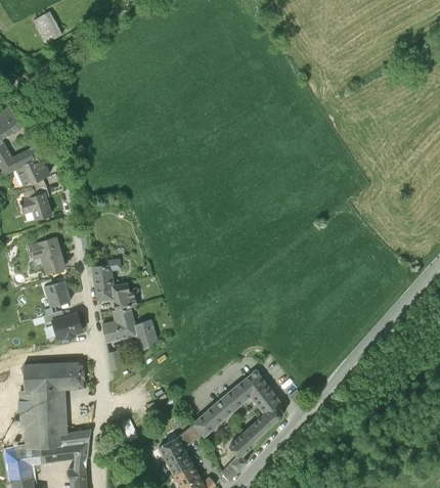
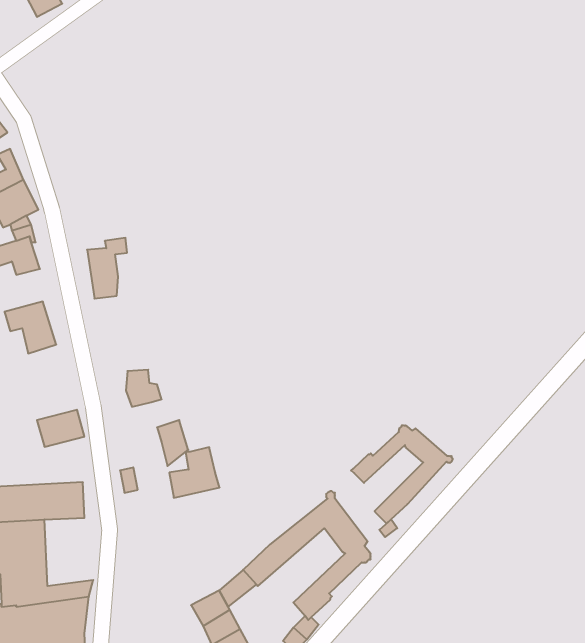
building: [92,260,120,302] -> [87,238,127,299]
building: [51,279,76,307] -> none
building: [102,308,137,343] -> [169,447,220,498]
building: none -> [351,425,453,524]

